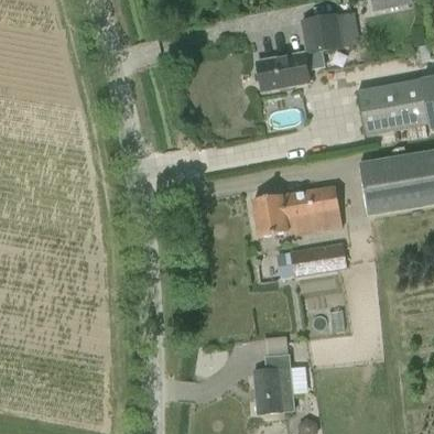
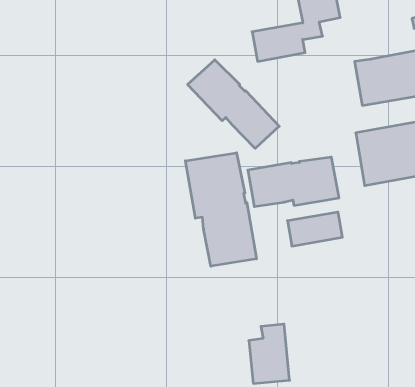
building: none -> [188,60,279,148]
building: none -> [185,153,256,266]

